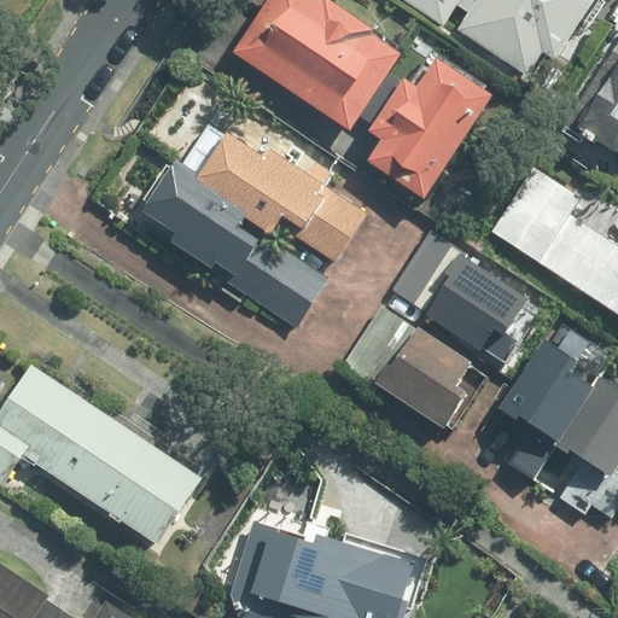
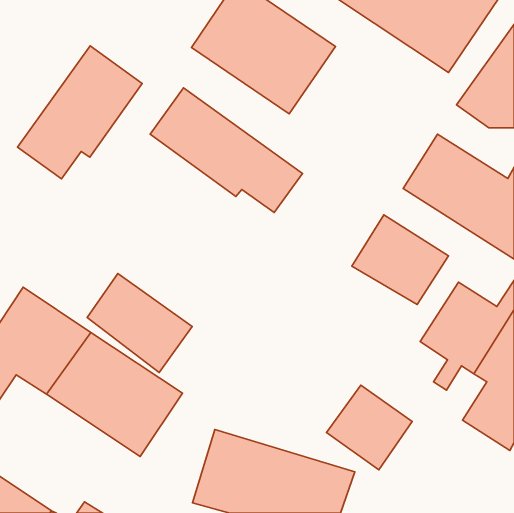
building: none -> [17,46,142,179]
building: [365,60,488,199] -> none
building: [139,161,328,328] -> none
building: none -> [87,274,192,372]
building: [375,332,478,433] -> [326,385,412,470]

